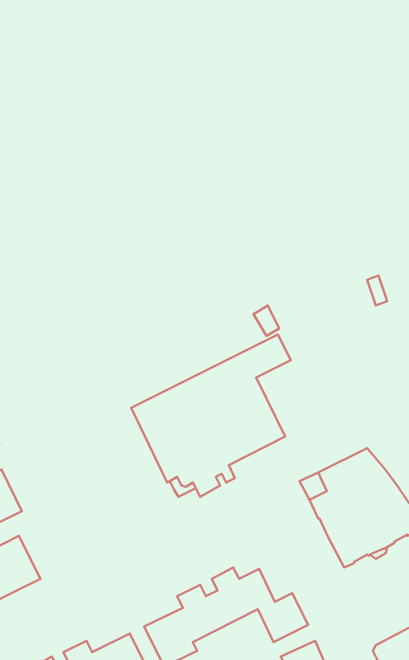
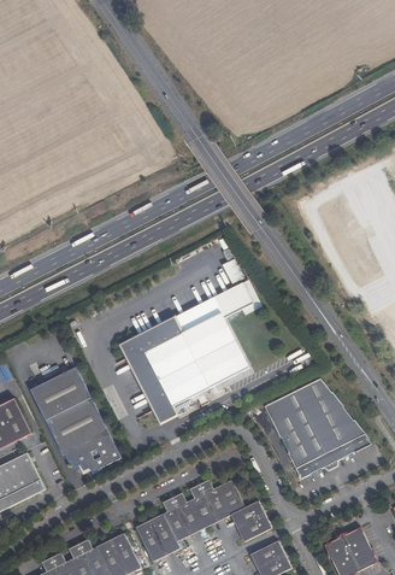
building: none -> [33,366,124,474]

